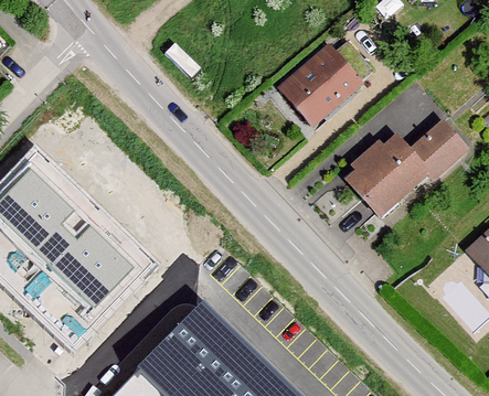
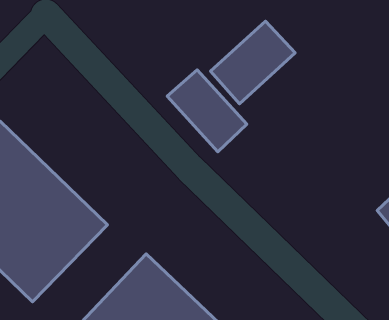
building: none -> [167,70,247,152]
building: [343,120,467,220] -> none

